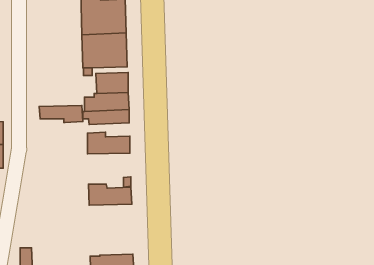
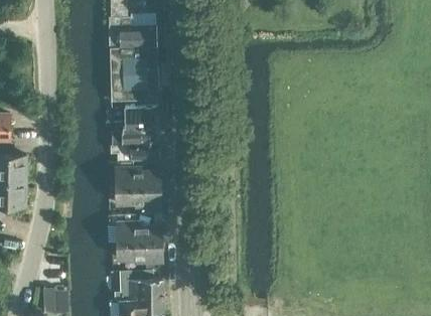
building: [39,105,83,123] -> [115,189,161,207]
building: none -> [117,244,162,262]
building: none -> [115,269,163,299]

